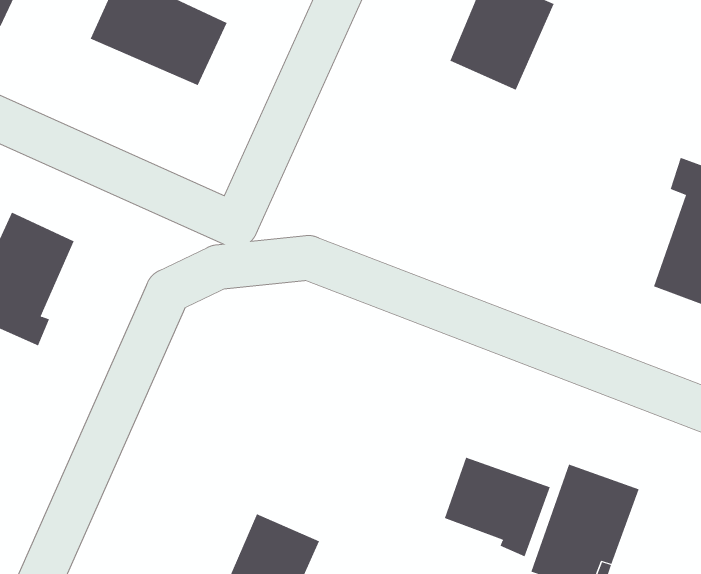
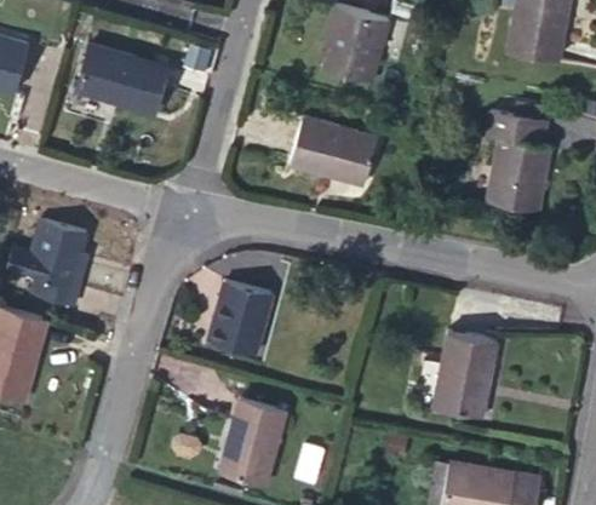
building: none -> [290,116,379,180]
building: none -> [208,281,273,356]
building: [444,457,550,557] -> none

